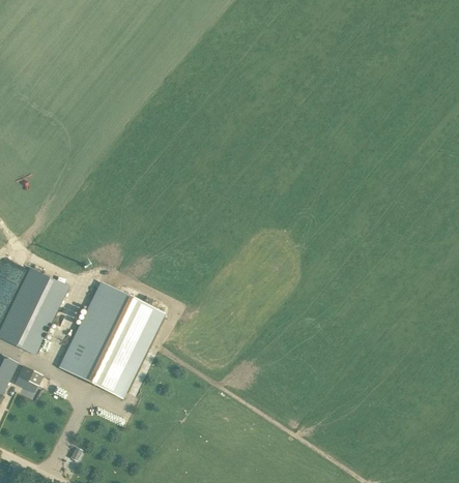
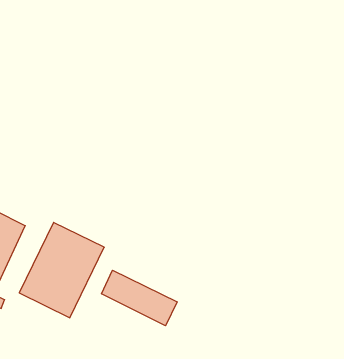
building: none -> [102,270,177,326]

